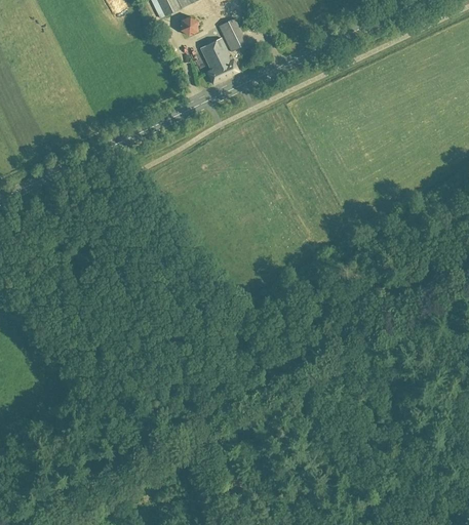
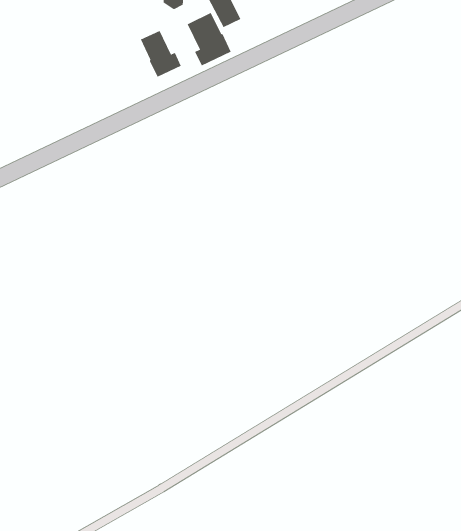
building: none -> [140,30,182,78]

